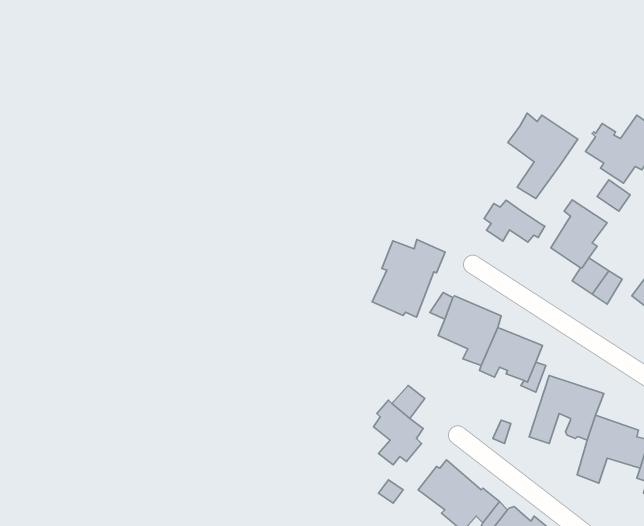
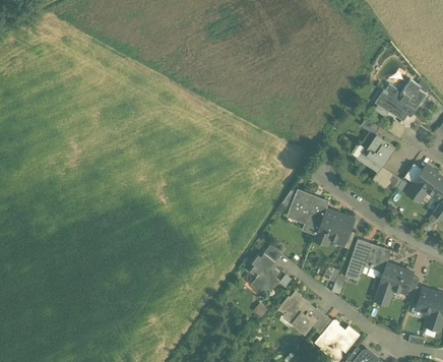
building: [508,113,578,199] -> none
building: [484,200,545,242] -> none
building: [372,239,445,317] -> none

